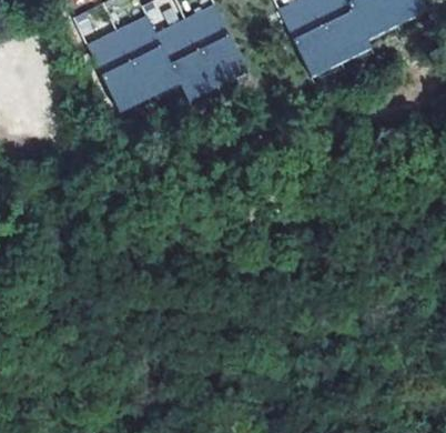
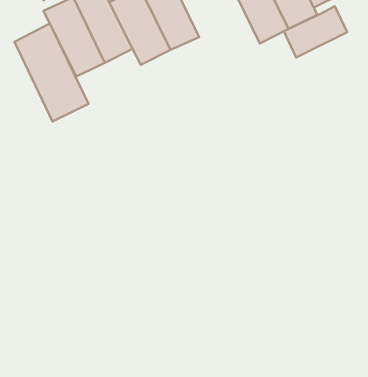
building: none -> [284,6,347,57]
building: none -> [15,23,89,121]

